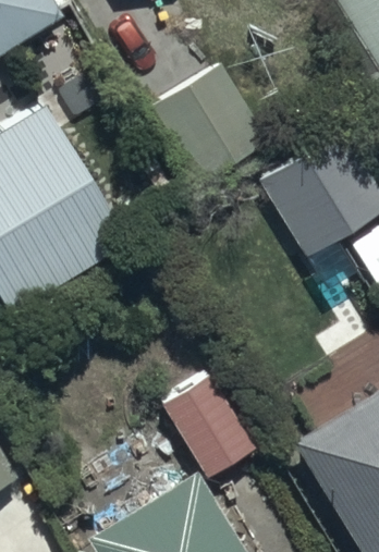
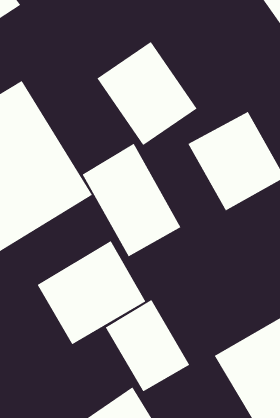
building: none -> [82,143,181,257]
building: none -> [37,240,146,345]

